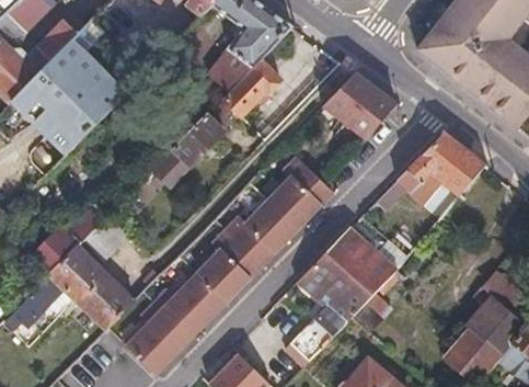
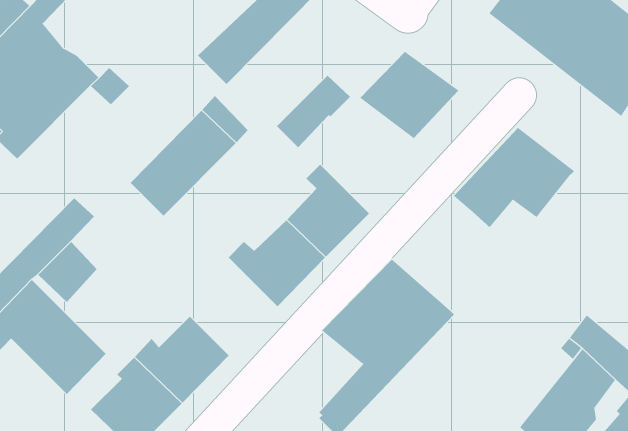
building: [225,62,280,117] -> [276,75,351,148]
building: [196,228,262,301] -> none

